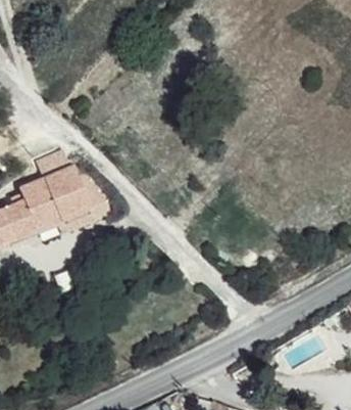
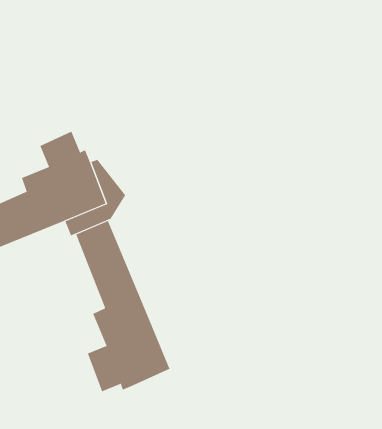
building: none -> [75,220,170,392]

